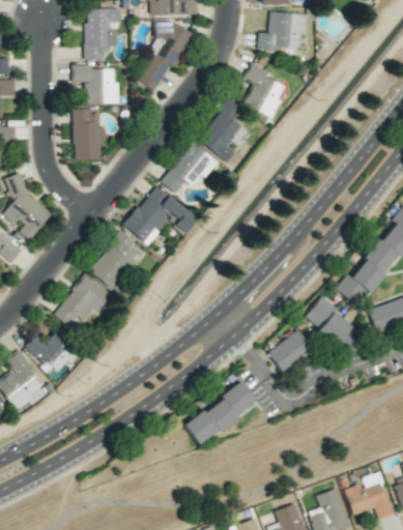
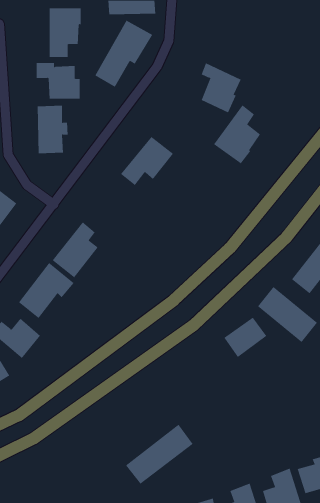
building: [257,11,307,51] -> none
building: [198,99,248,161] -> [213,105,261,164]
building: [123,185,198,245] -> none
building: [183,382,255,445] -> [125,424,194,484]

